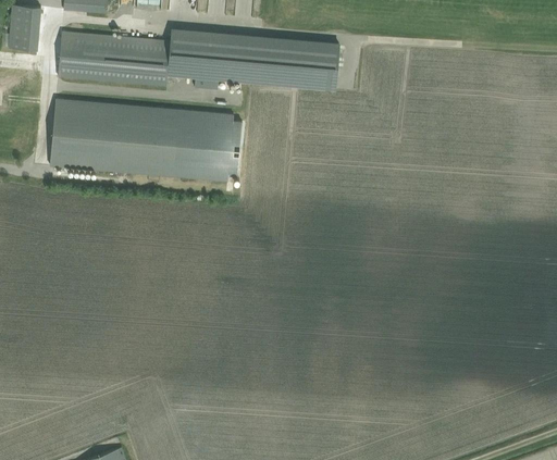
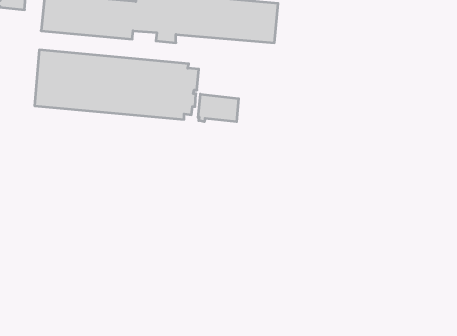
building: none -> [198,94,239,122]

